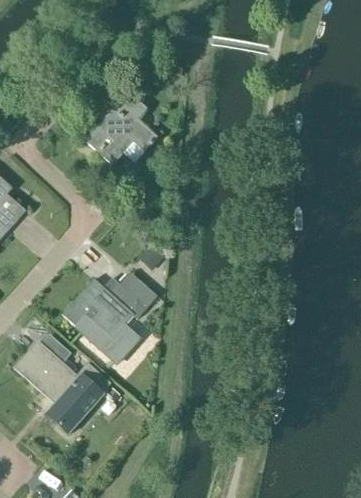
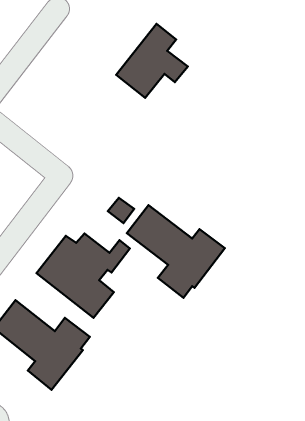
building: [84,91,157,165] -> [116,24,188,98]
building: none -> [127,205,225,298]

